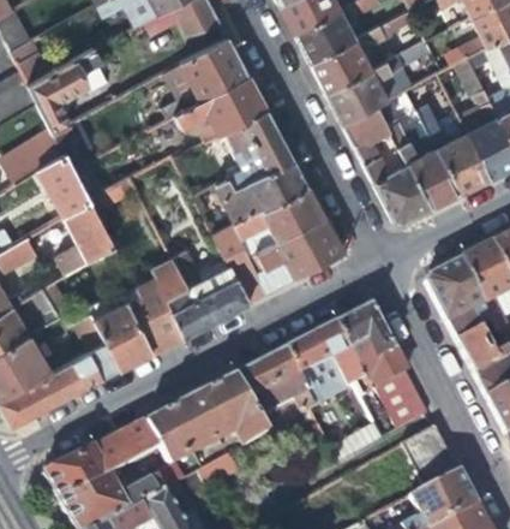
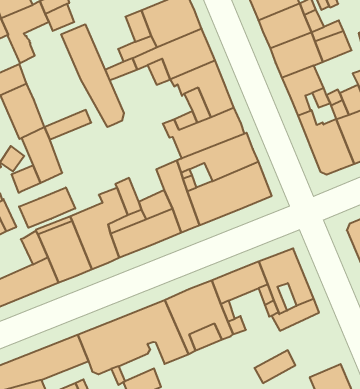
building: none -> [61,24,124,127]
building: none -> [19,187,75,228]
building: [378,374,427,429] -> none

